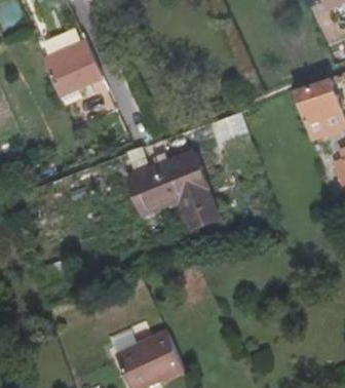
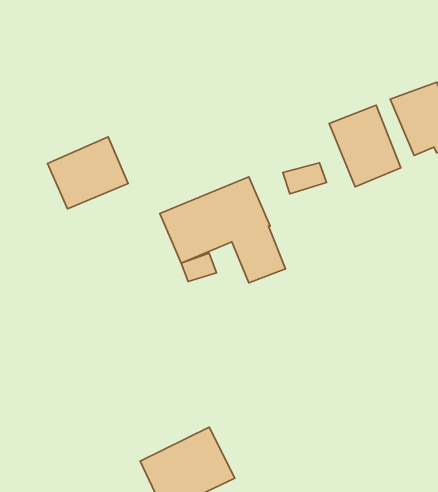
building: [42,41,101,93] -> [48,137,128,209]
building: none -> [329,105,401,187]

